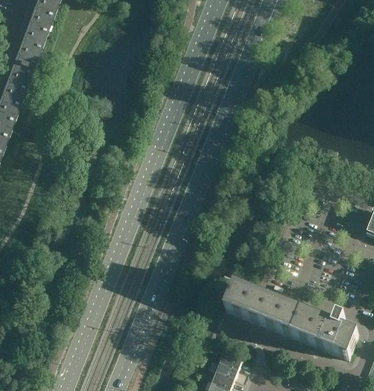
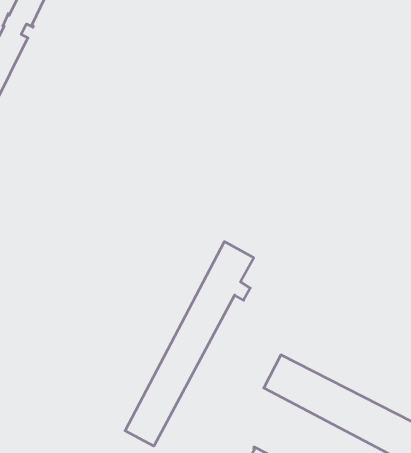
building: none -> [125,242,254,446]

